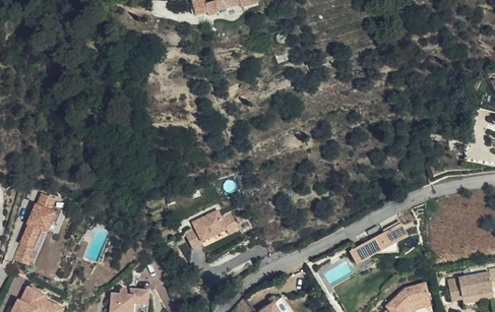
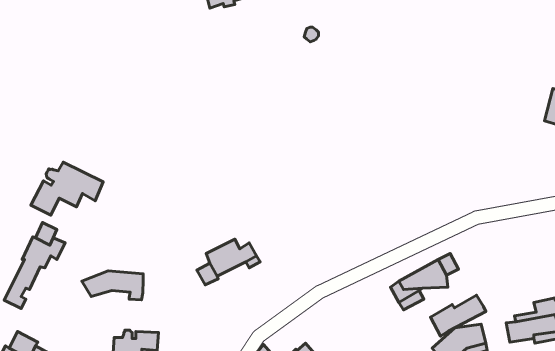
building: none -> [31,162,103,215]
building: none -> [82,271,143,300]
building: none -> [430,295,486,336]

